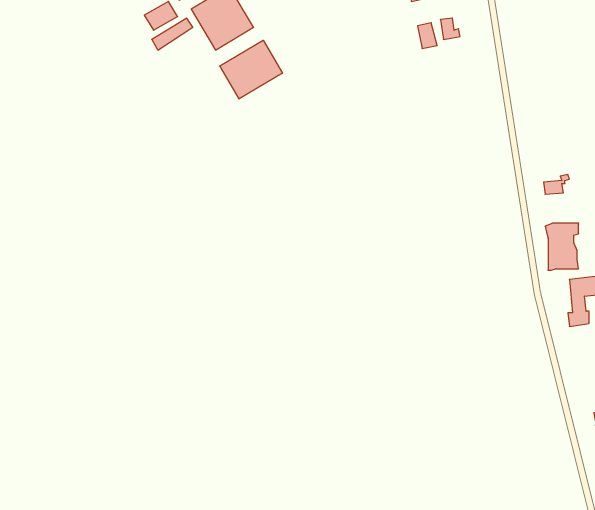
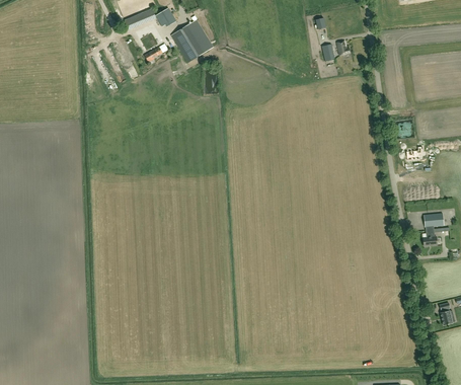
building: [220,40,282,99] -> none

